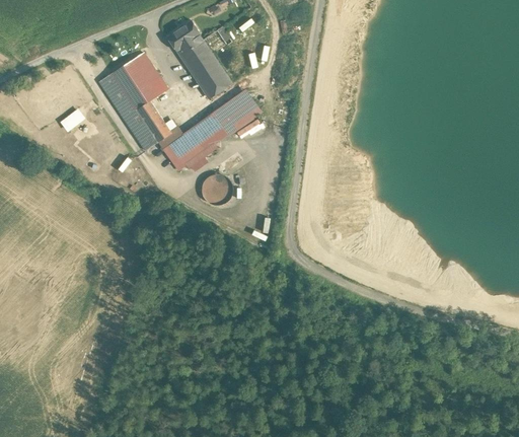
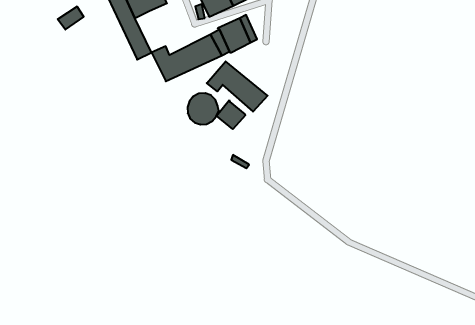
building: [136,101,170,142] -> none
building: none -> [207,61,268,112]
building: none -> [216,100,245,129]

